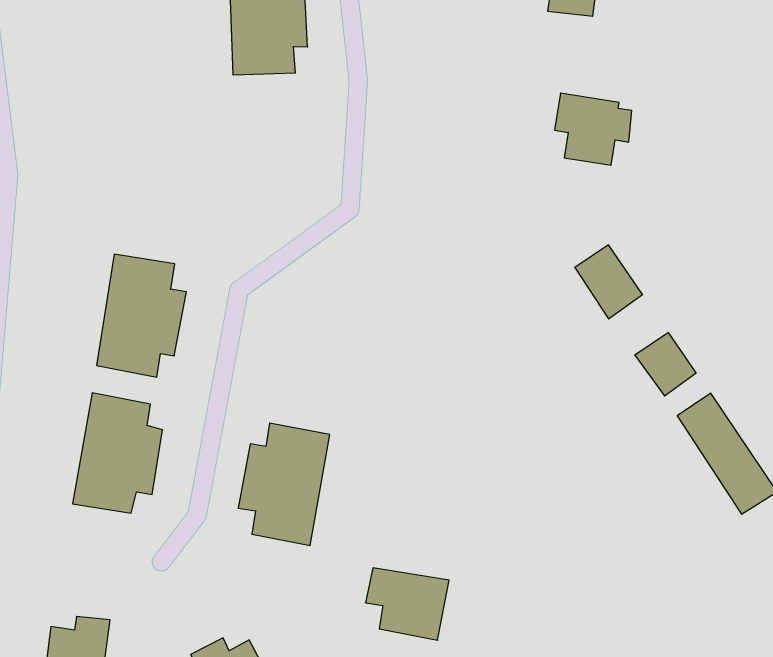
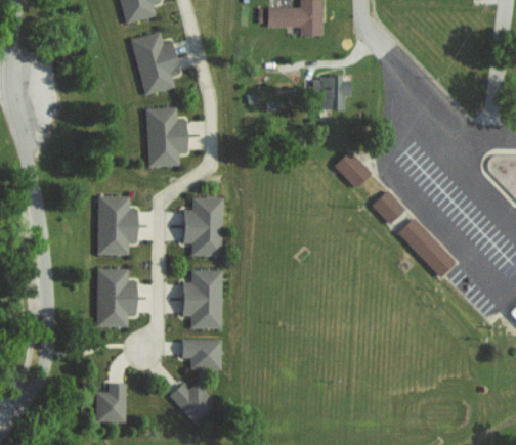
building: none -> [145,106,186,166]
building: none -> [182,196,223,255]
building: [365,568,449,640] -> [181,339,222,370]

